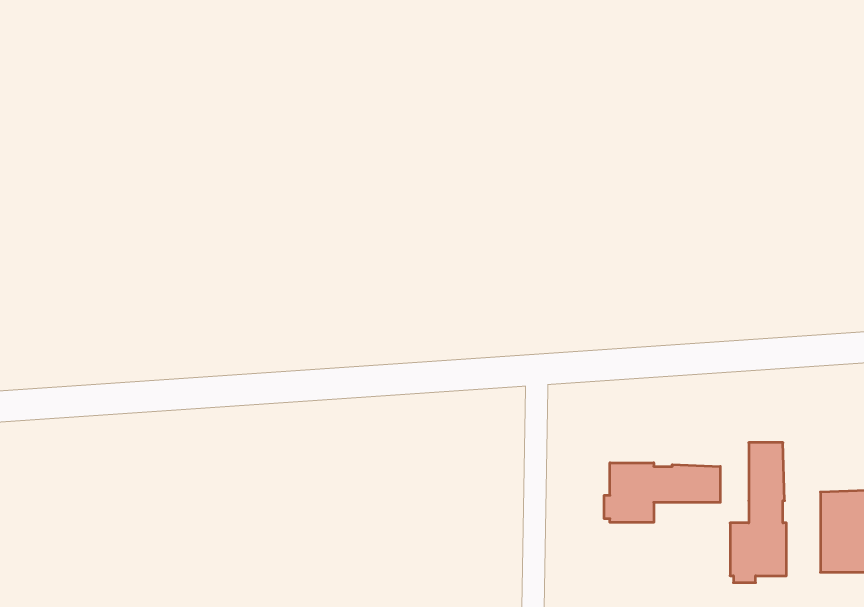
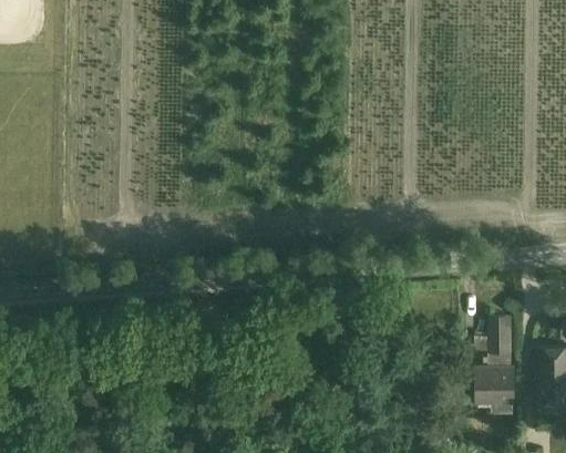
building: [604,463,720,522] -> none

